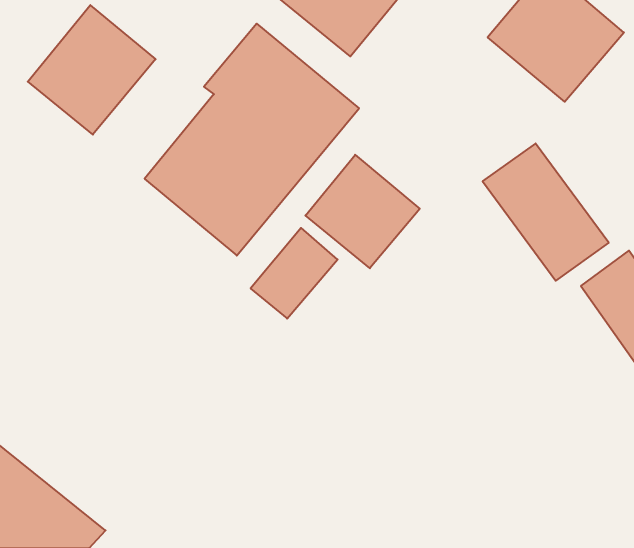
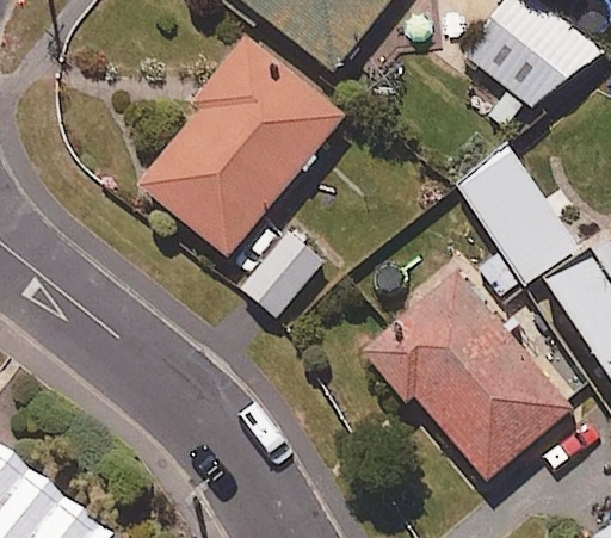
building: [28,5,156,135] -> none
building: [305,155,420,268] -> none
building: none -> [363,272,572,480]

